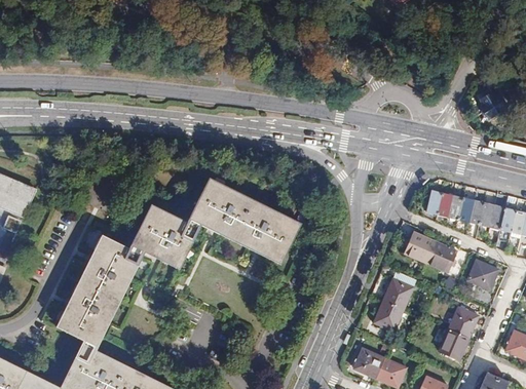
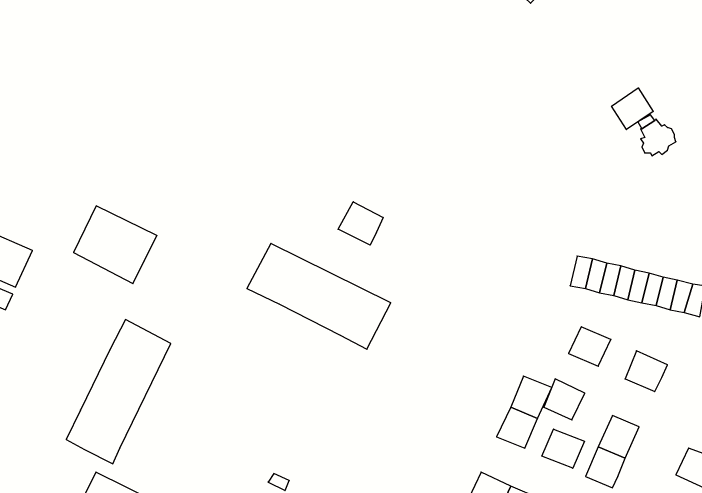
building: none -> [612,88,653,130]
building: none -> [338,202,383,245]
building: [135,207,195,264] -> [74,206,157,284]
building: [406,232,436,262] -> [544,379,585,420]
building: none -> [542,429,584,468]

